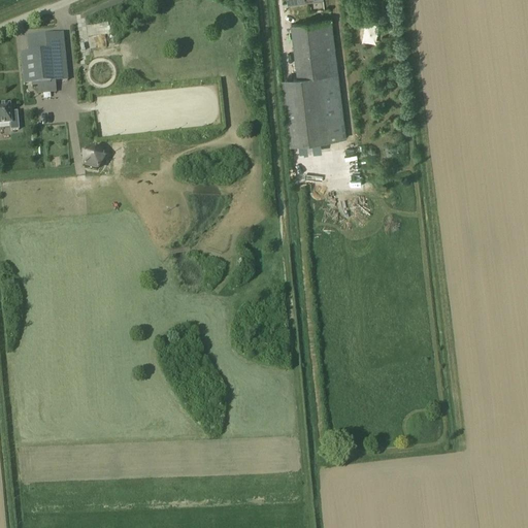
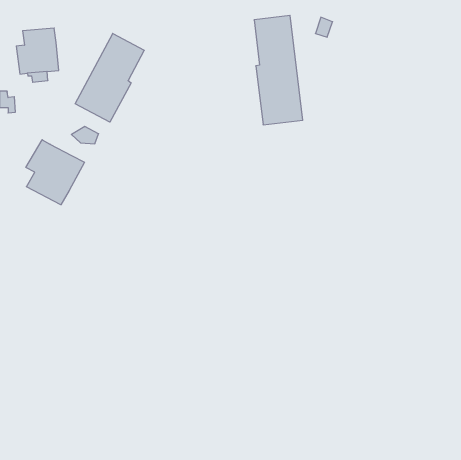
building: none -> [75,33,144,122]
building: none -> [26,140,84,205]

